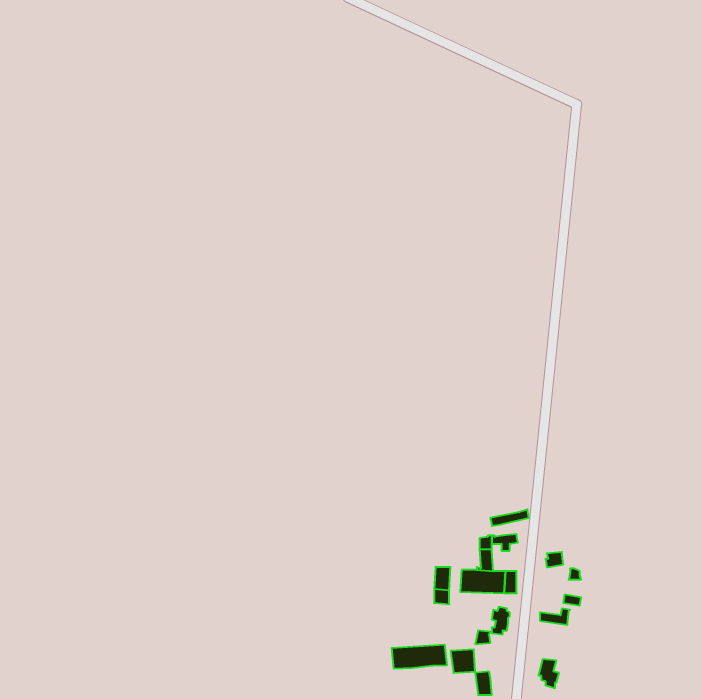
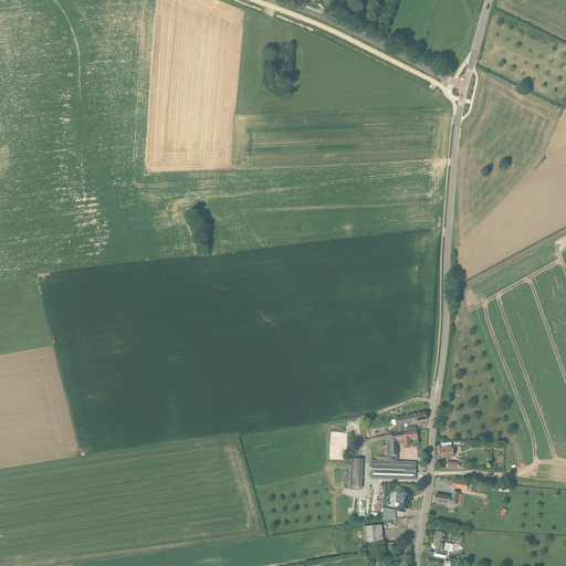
building: [392,645,447,669] -> none

